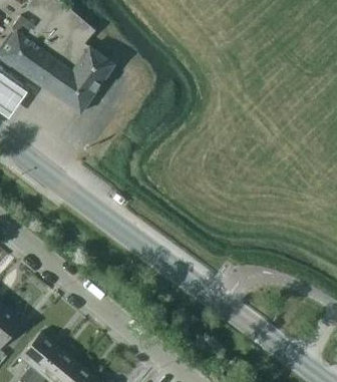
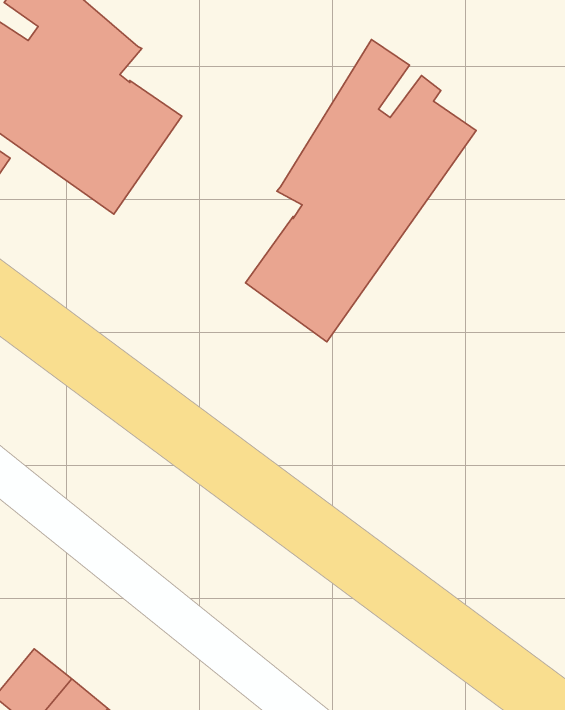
building: none -> [246,40,476,342]

